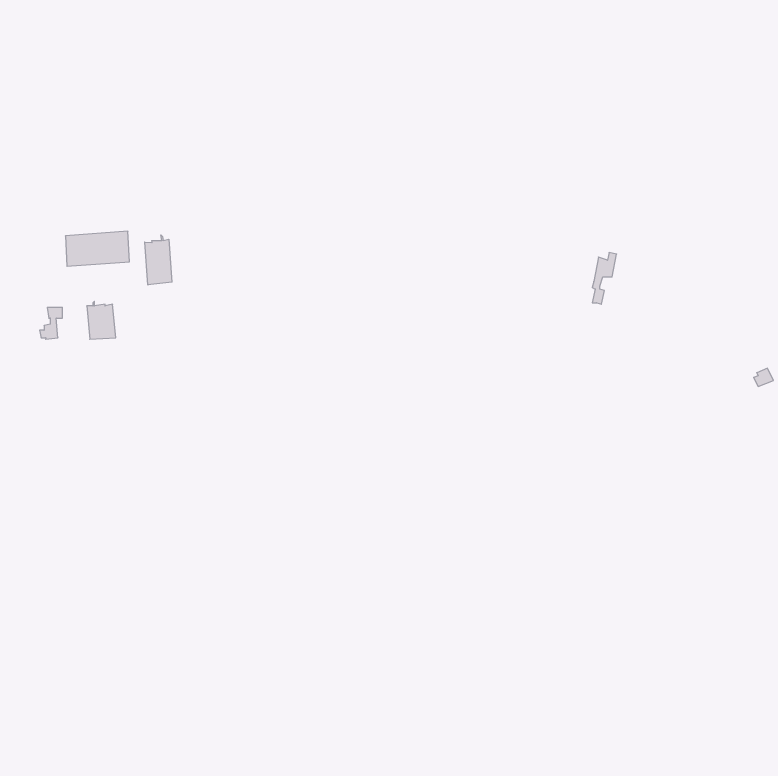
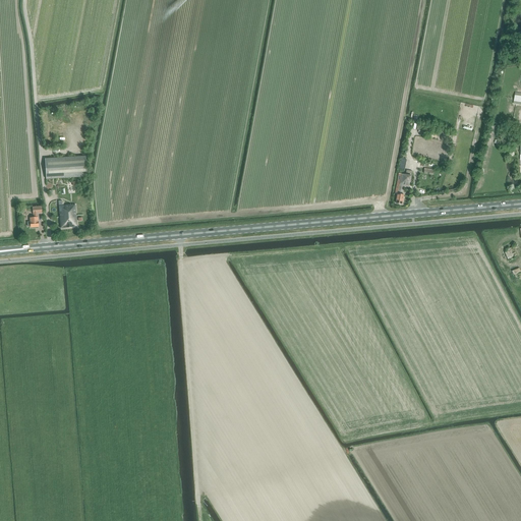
building: [145,235,172,285] -> none

